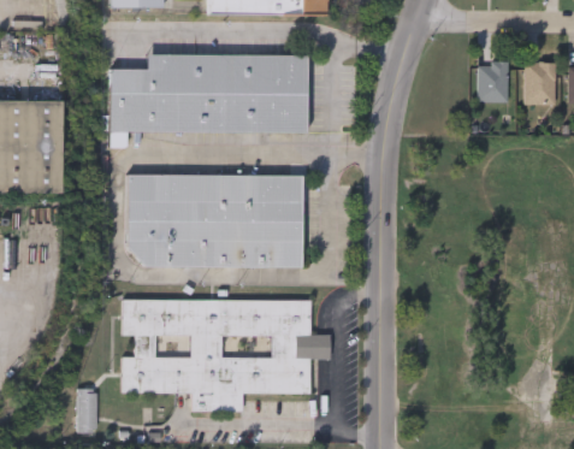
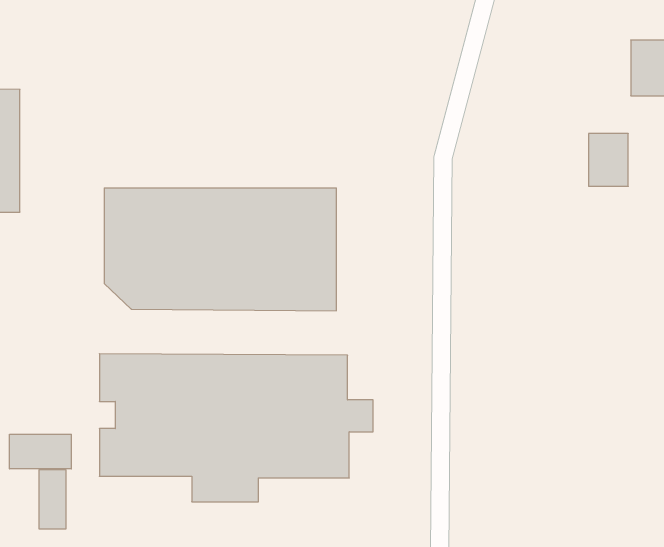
building: [111,54,306,131] -> none
building: [478,63,508,102] -> [589,134,628,186]
building: none -> [10,434,71,469]

